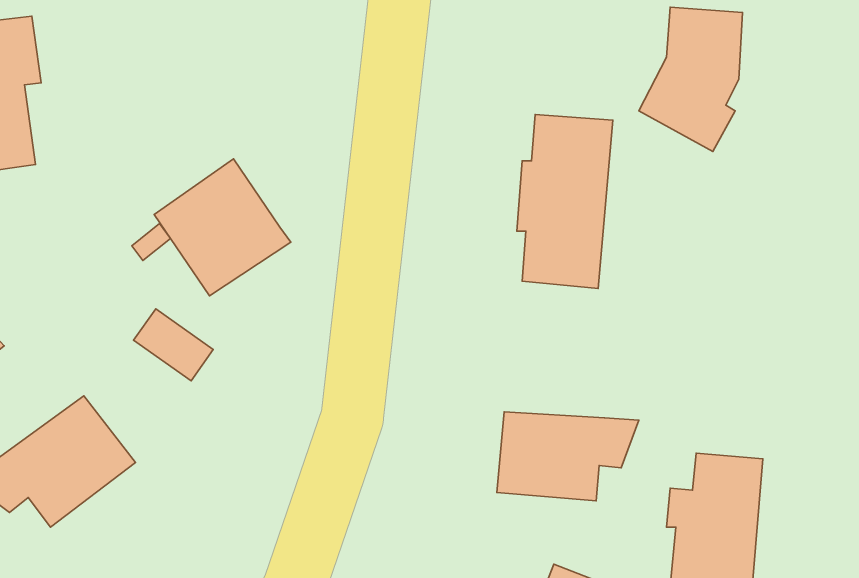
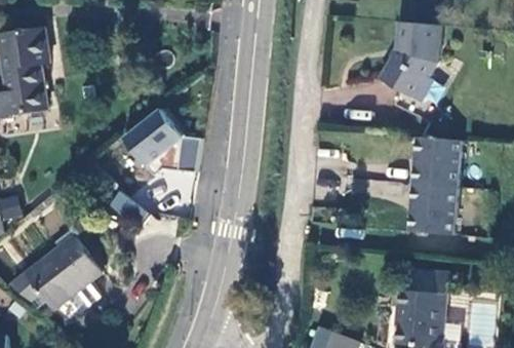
building: [517,115,613,289] -> [408,138,462,234]
building: [497,412,639,501] -> none

